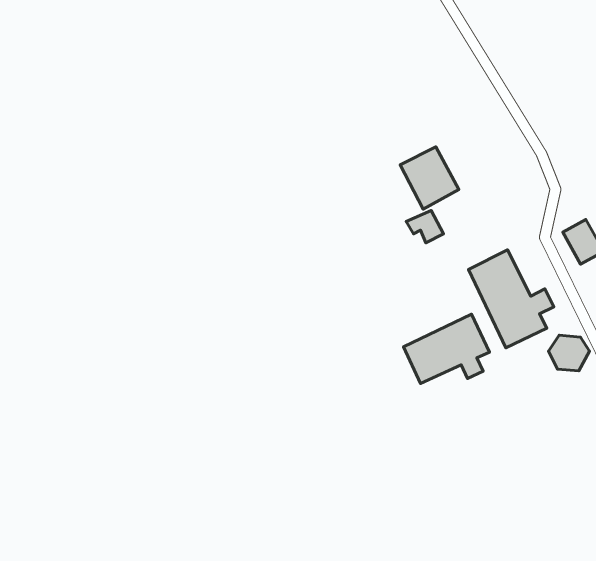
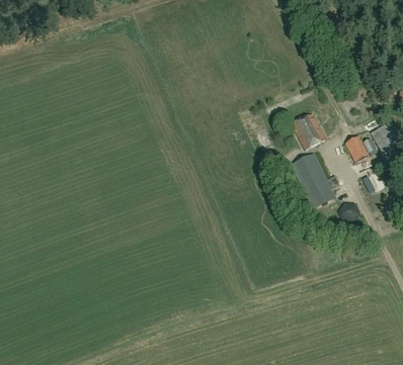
building: [400,147,459,209] -> [291,113,324,149]
building: [404,314,489,384] -> none

